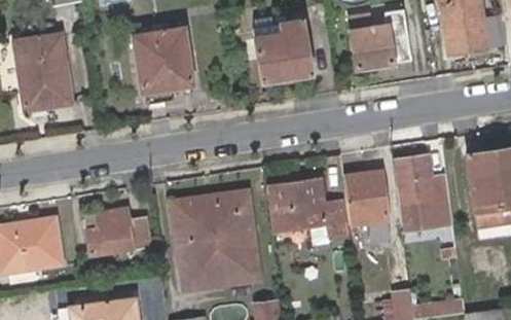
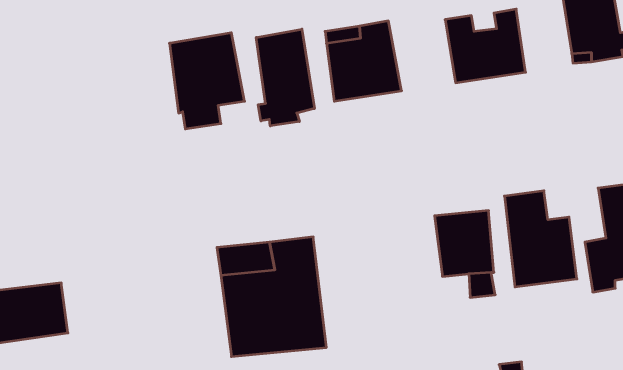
building: none -> [256,29,314,126]
building: [15,37,71,110] -> none
building: [269,177,346,233] -> none
building: [85,207,148,250] -> none

